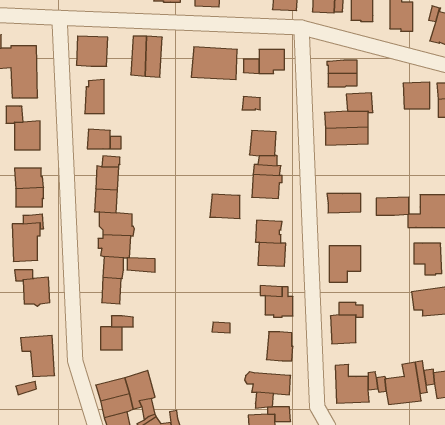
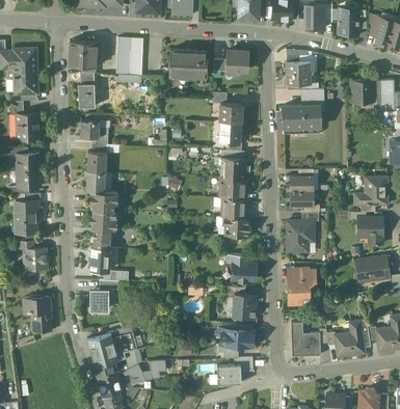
building: none -> [220,103,242,122]
building: [210,194,240,219] -> [219,179,245,199]
building: [376,197,409,215] -> [286,191,314,207]

